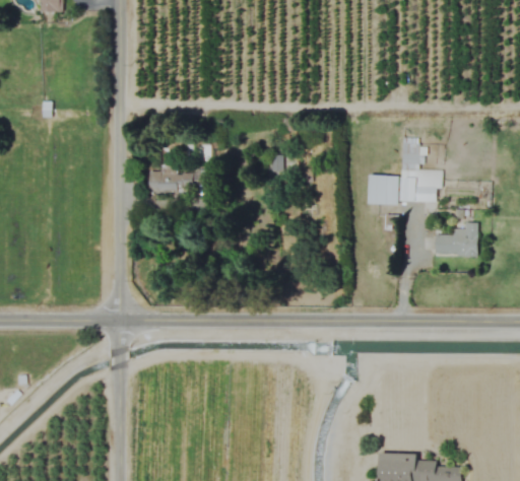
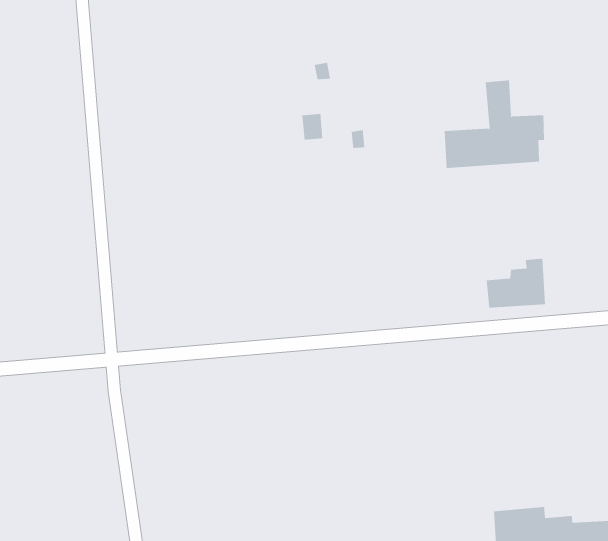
building: [148,165,192,192] -> none
building: [435,222,477,256] -> [486,258,546,308]

